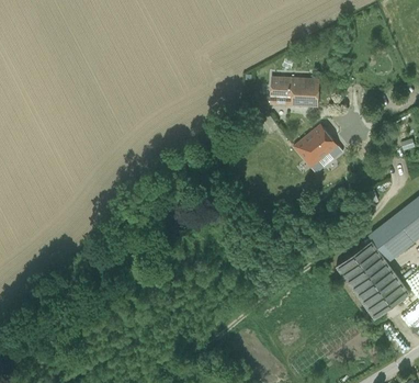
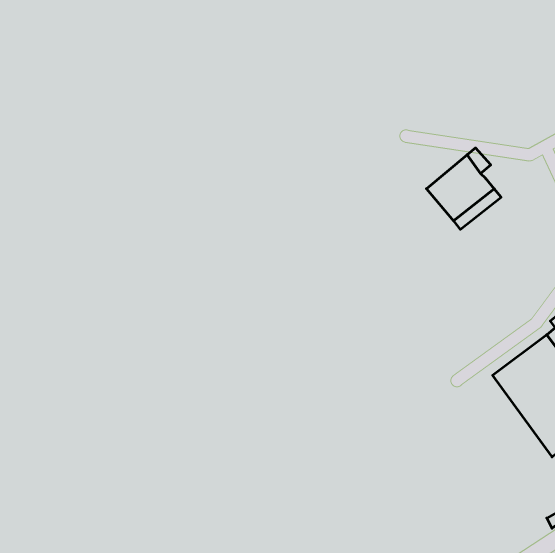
building: [271,77,319,105] -> none

